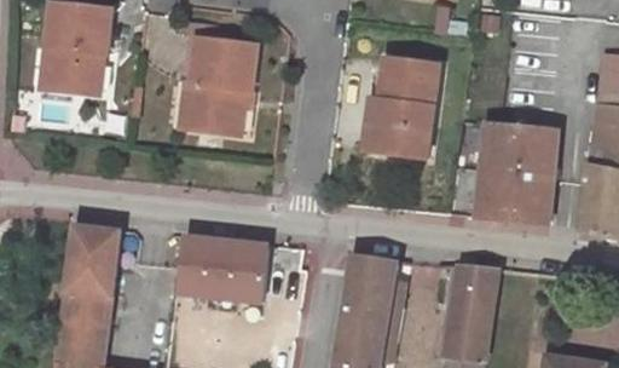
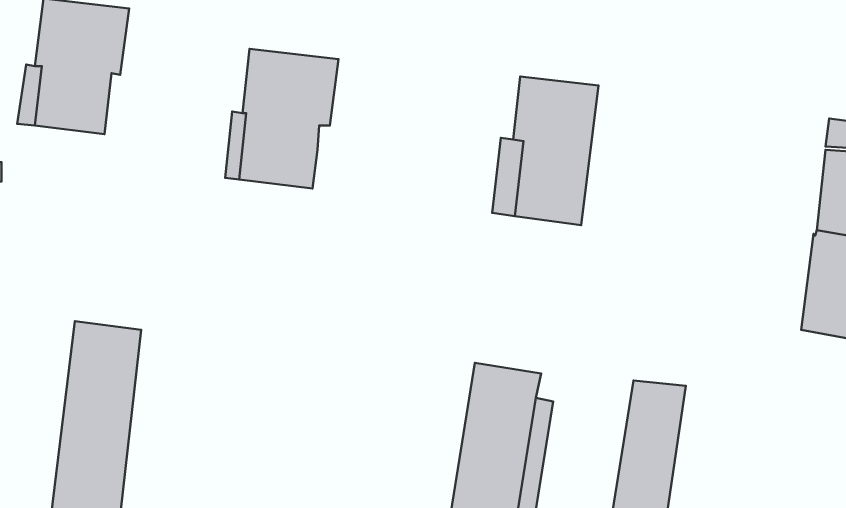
building: [475,122,557,224] -> none
building: [172,235,270,320] -> none

